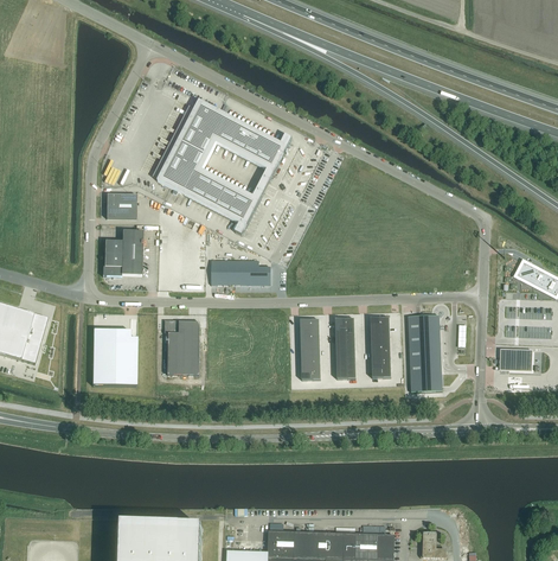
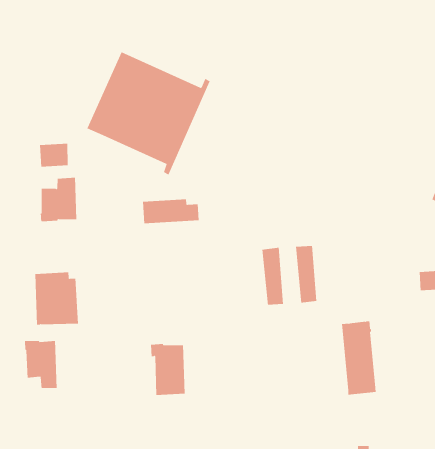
building: [408,314,441,391] -> [341,321,377,395]
building: [300,318,320,378] -> none
building: [163,319,199,374] -> [150,344,186,396]
building: none -> [25,340,57,389]

